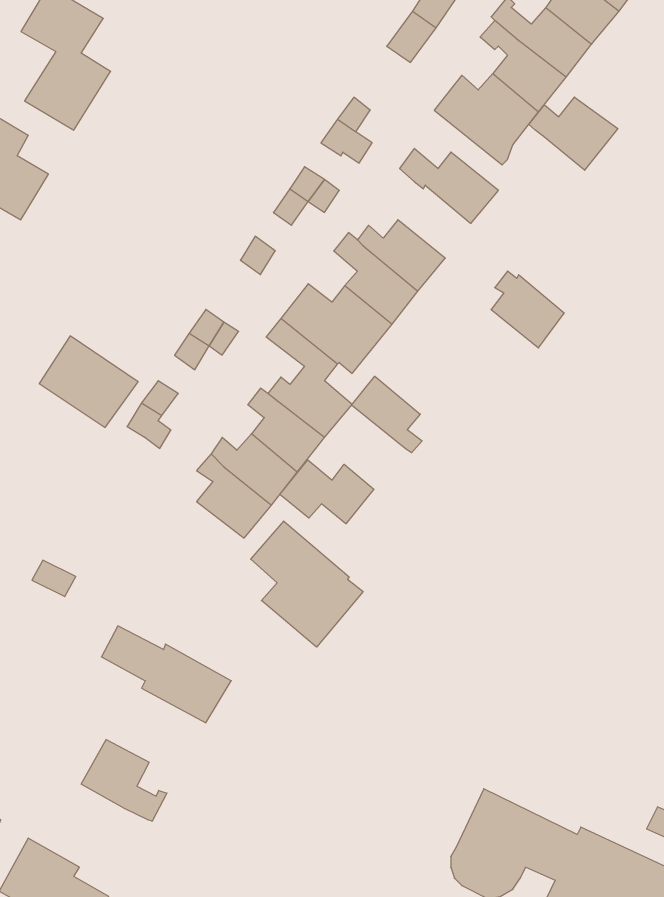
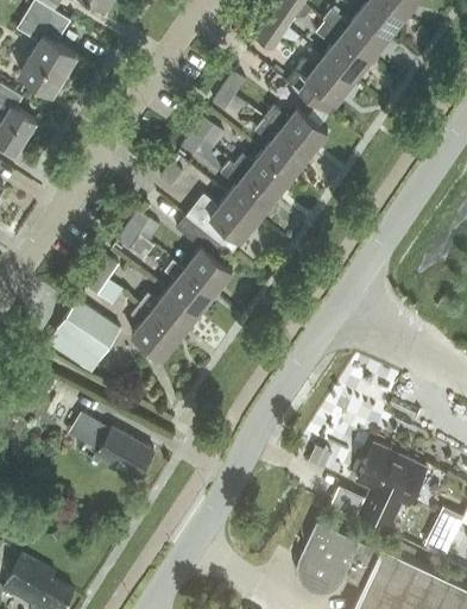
building: [529,97,618,170] -> none
building: [491,271,564,348] -> [261,127,309,177]
building: [39,336,138,427] -> [56,301,120,360]
building: [352,376,422,453] -> none
building: [280,460,374,524] -> none
building: [251,521,363,647] -> none
building: none -> [356,446,424,525]
building: [81,740,167,821] -> none

